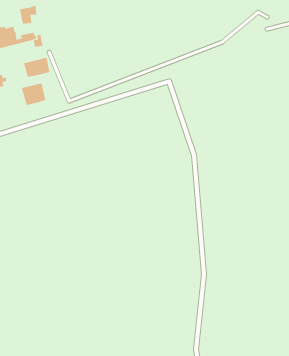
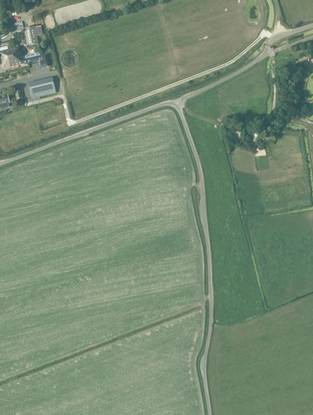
building: [21,82,46,106] -> none

